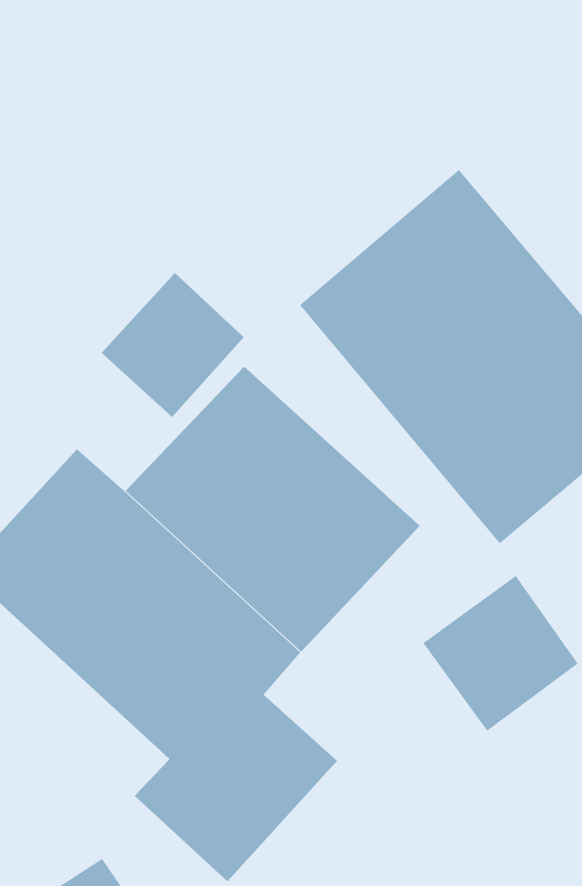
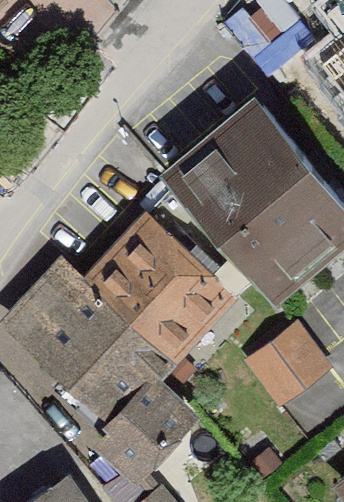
building: [101,272,245,418] -> none

